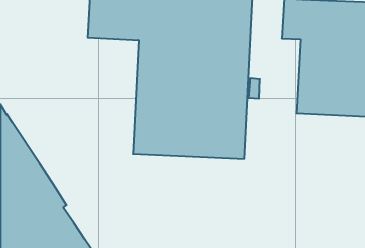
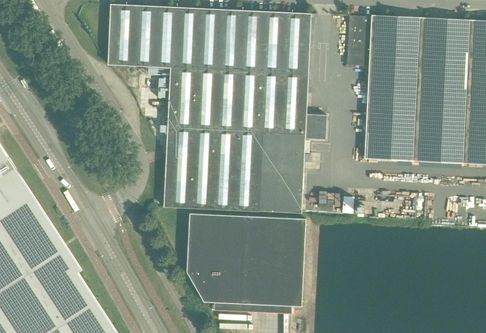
building: none -> [187,214,306,307]

